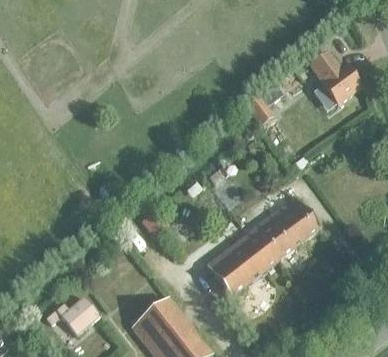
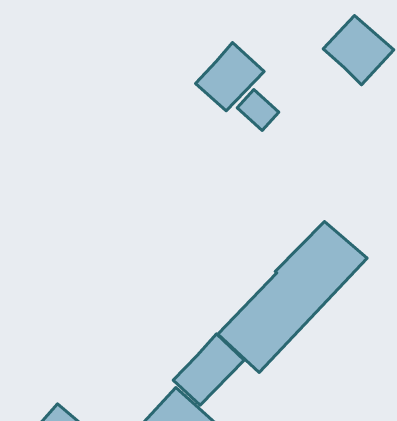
building: none -> [196,43,264,111]
building: none -> [173,334,244,405]

